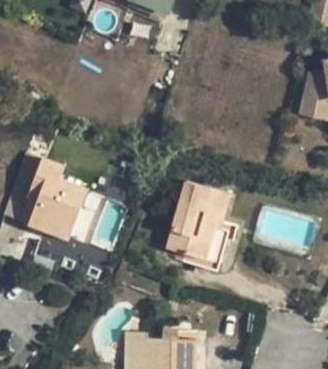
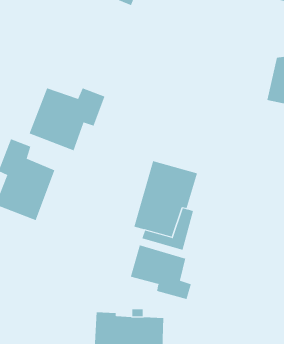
building: none -> [29,87,105,151]
building: none -> [130,245,191,300]

